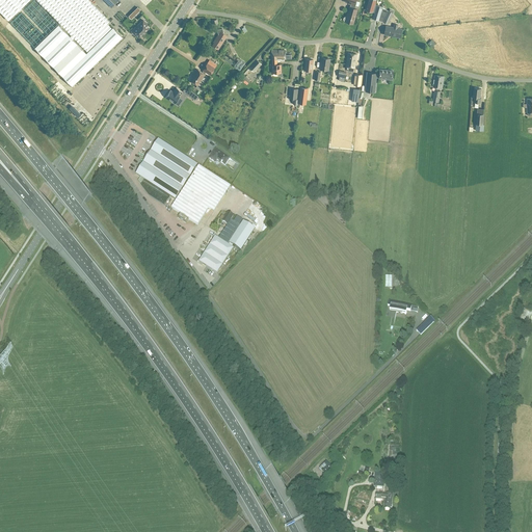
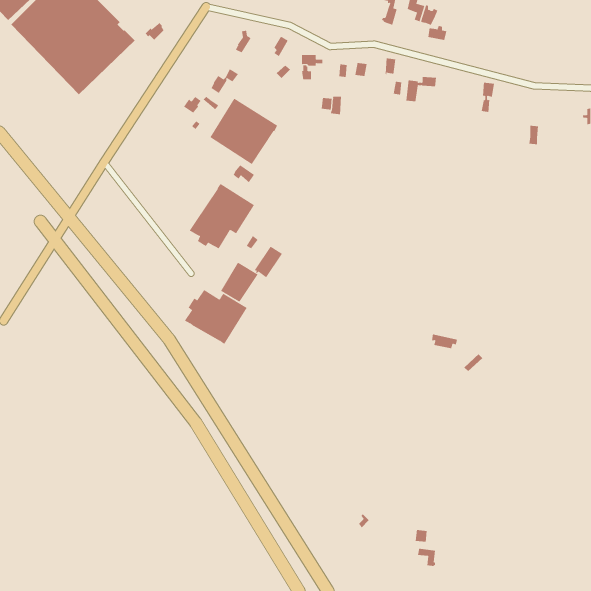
building: [135,138,196,198] -> [209,98,278,165]
building: none -> [184,289,247,345]

